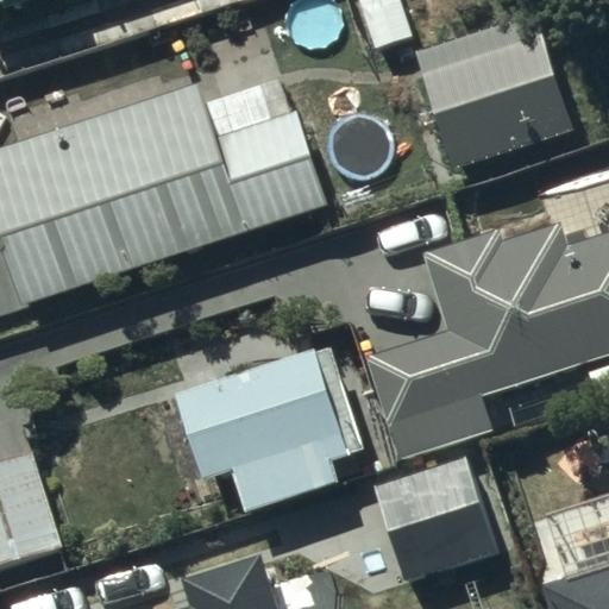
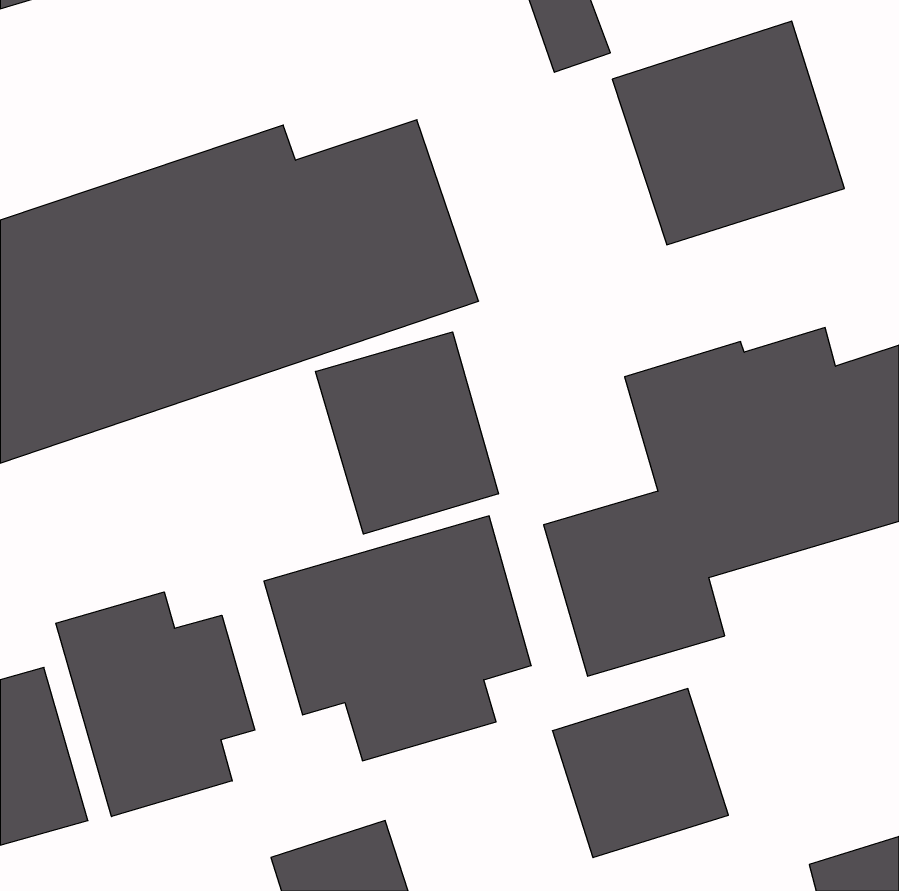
building: none -> [316,332,498,534]
building: none -> [56,592,255,817]

